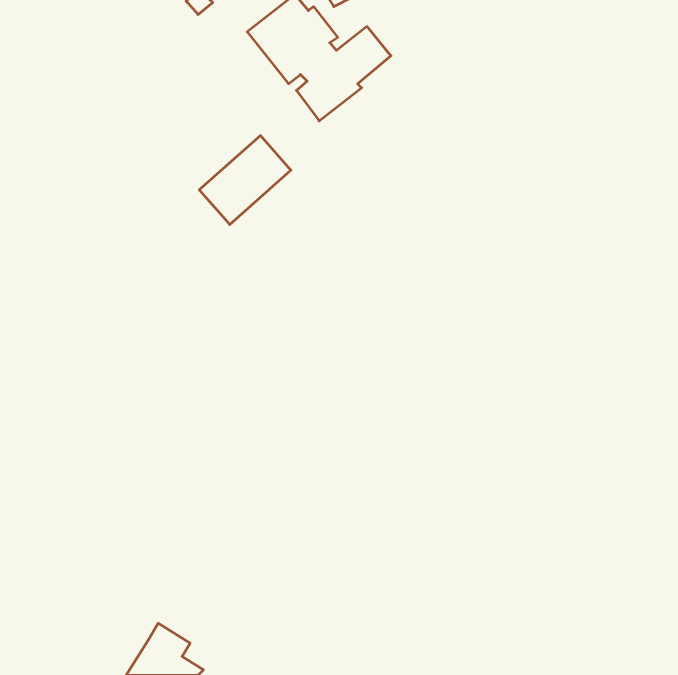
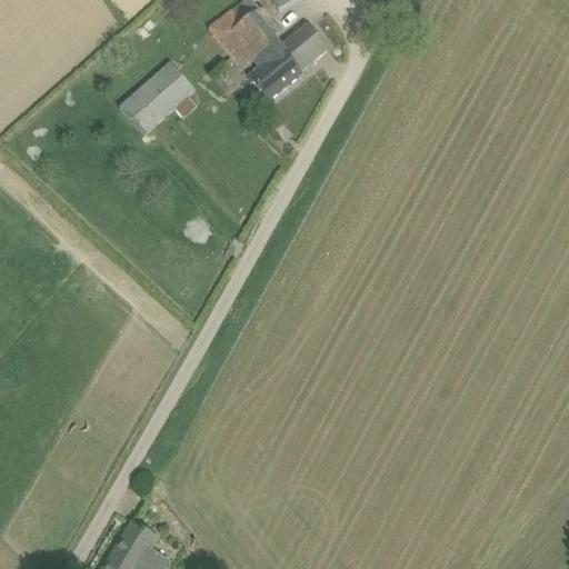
building: [199,136,291,225] -> [118,61,194,136]

